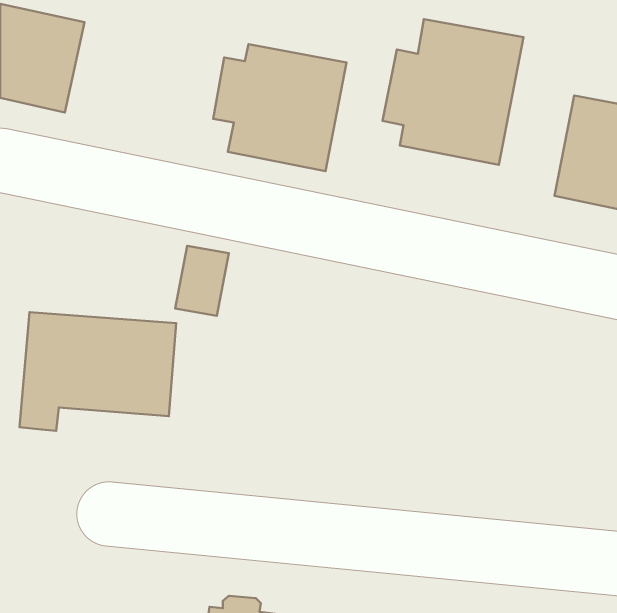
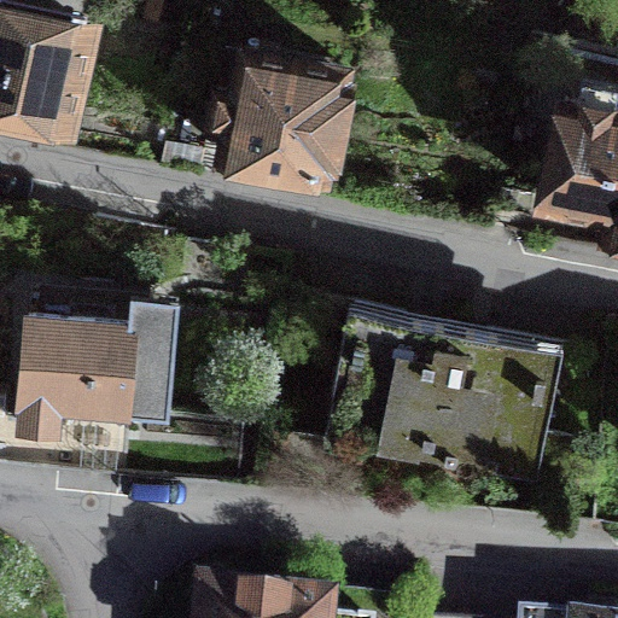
building: [382,19,523,165] -> none
building: none -> [350,320,553,468]

